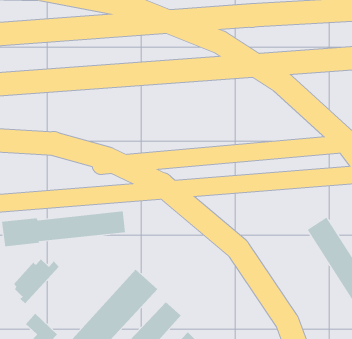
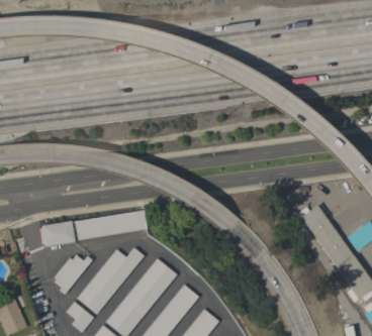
building: none -> [77,247,144,314]

